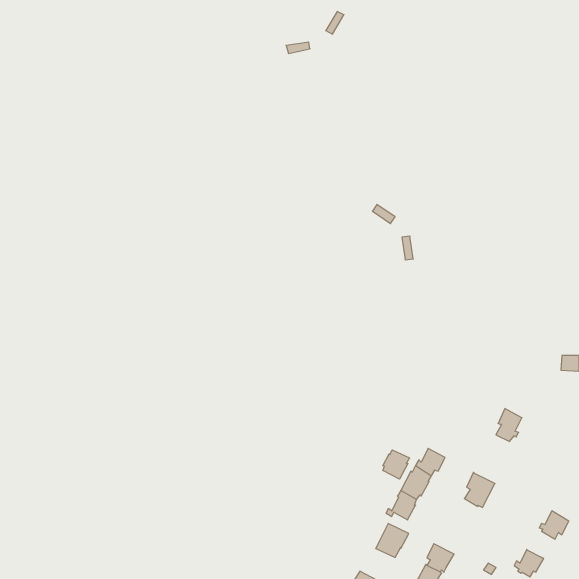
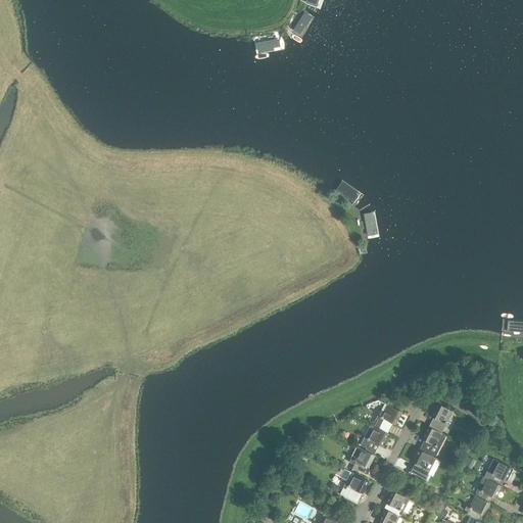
building: [496,409,522,442] -> [427,403,450,433]
building: [383,450,410,479] -> none
building: none -> [410,449,435,481]
building: none -> [474,477,501,503]

